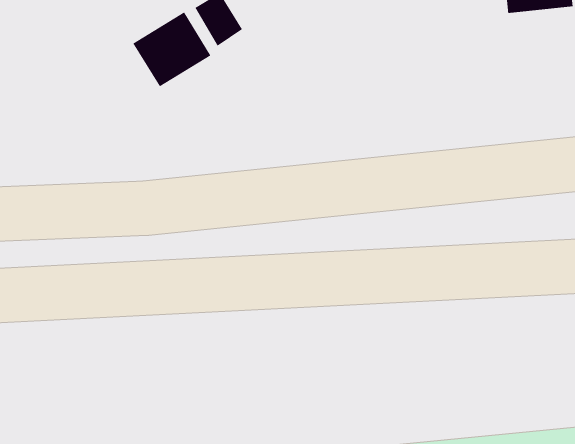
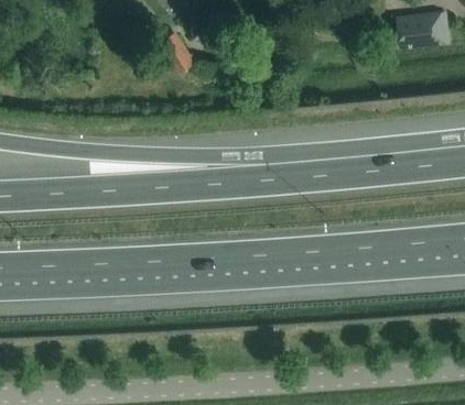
building: [133,12,211,87] -> none

